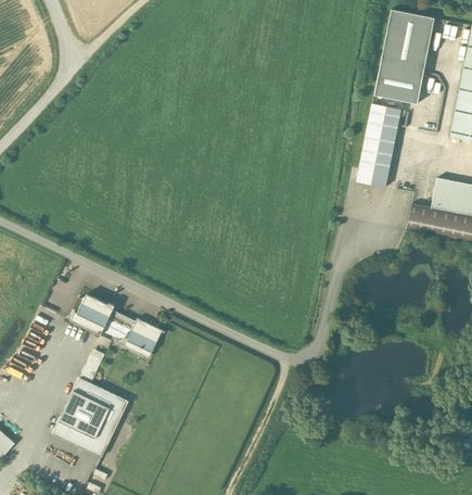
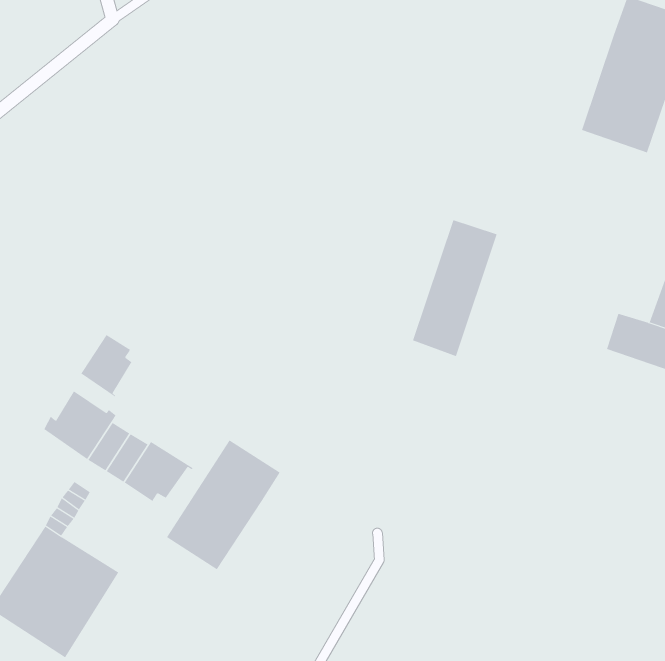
building: [357,103,400,187] -> [412,219,497,357]
building: none -> [81,334,132,397]
building: none -> [166,440,280,570]

